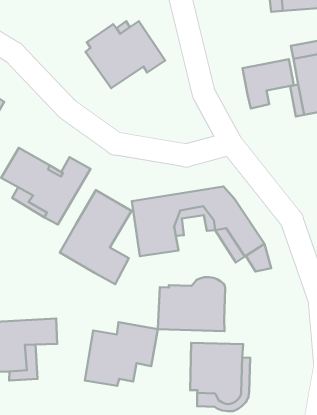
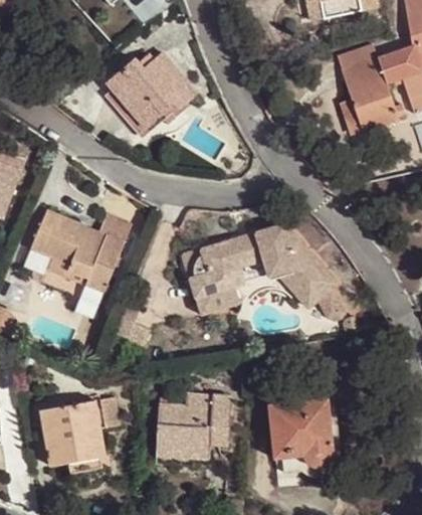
building: [243,59,294,109] -> none
building: [60,190,131,284] -> none
building: [158,277,225,331] -> none

